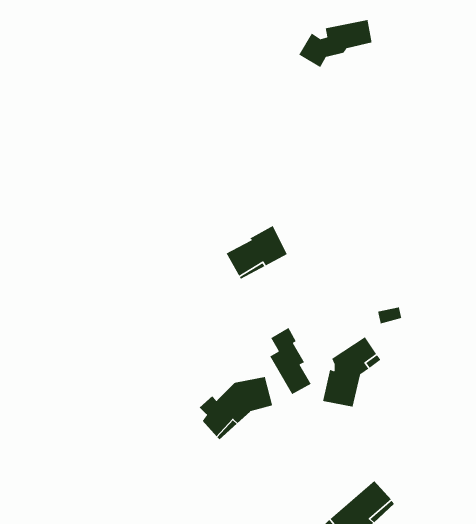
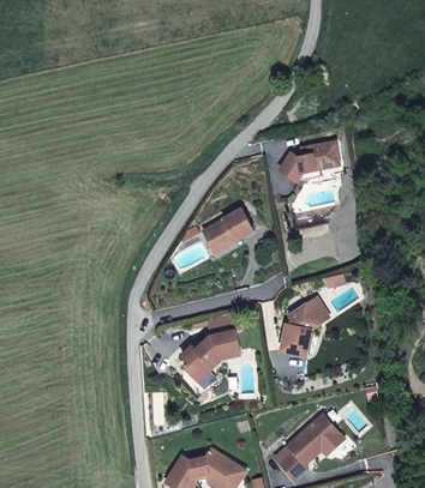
building: [298,19,373,68] -> [279,141,339,181]
building: [269,327,312,395] -> none

